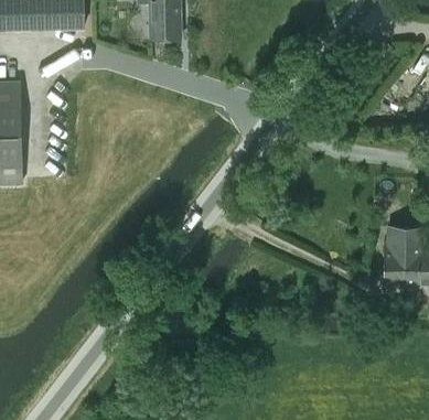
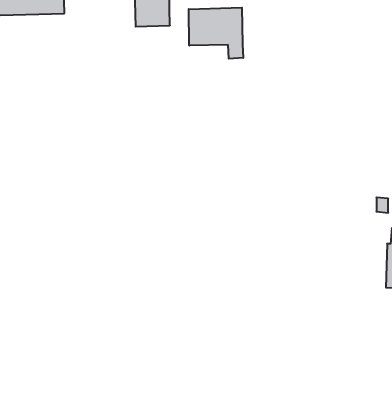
building: none -> [189,8,243,59]

